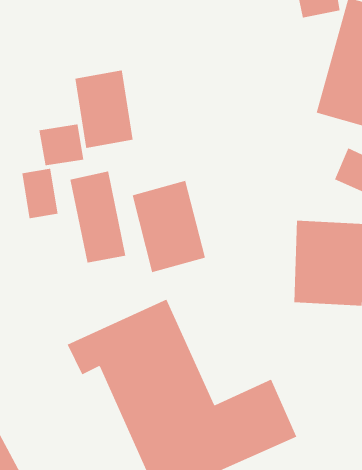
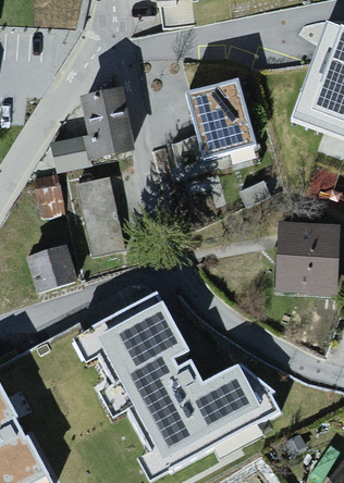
building: [132,180,206,273] -> [186,76,251,158]
building: none -> [27,246,79,294]

